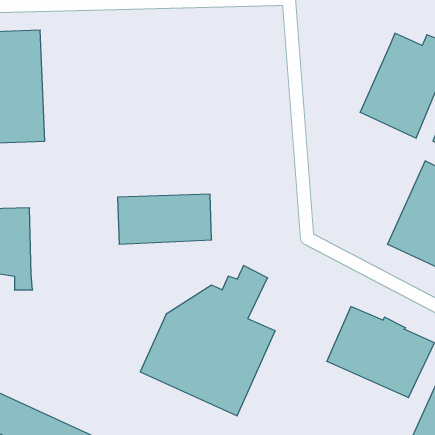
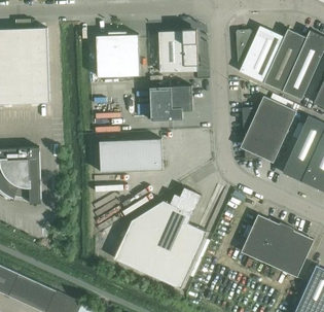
building: none -> [236,26,284,83]
building: none -> [158,29,197,73]
building: none -> [96,32,140,77]
building: none -> [149,86,192,122]
building: none -> [240,97,296,163]

